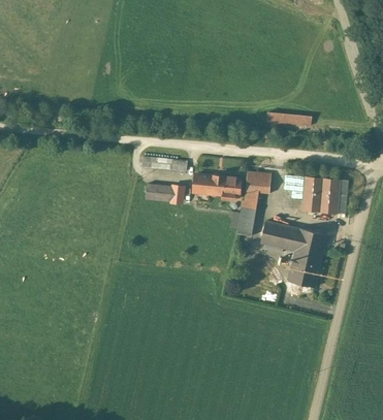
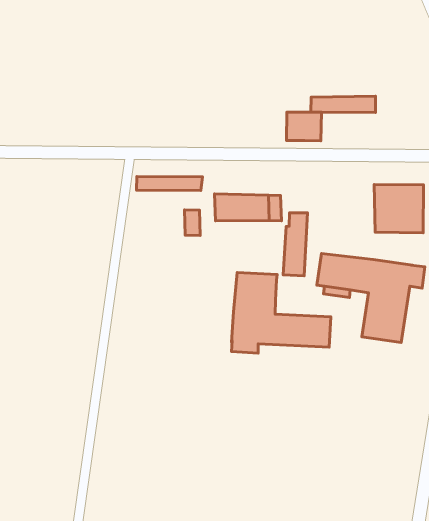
building: [245,171,270,193] -> [286,112,321,141]
building: [145,184,172,201] -> none
building: none -> [231,272,331,353]

